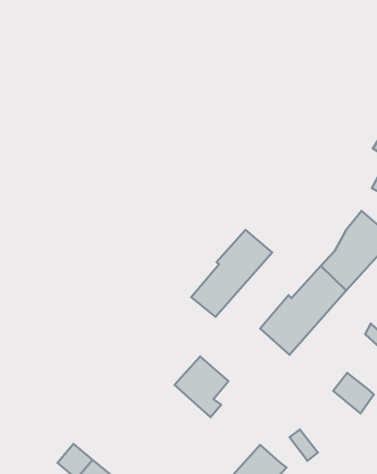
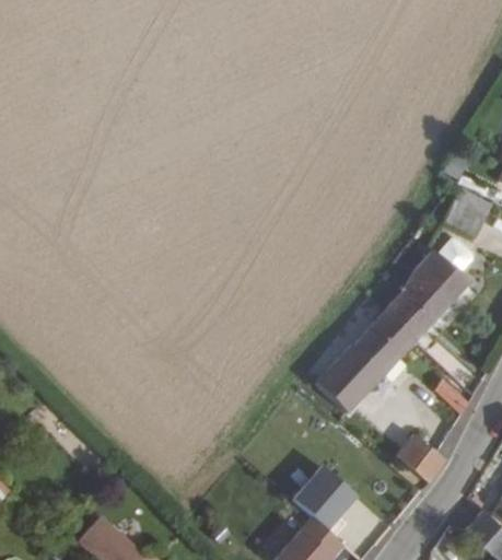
building: [191,230,272,317] -> none
building: [175,357,229,417] -> [294,467,357,537]

